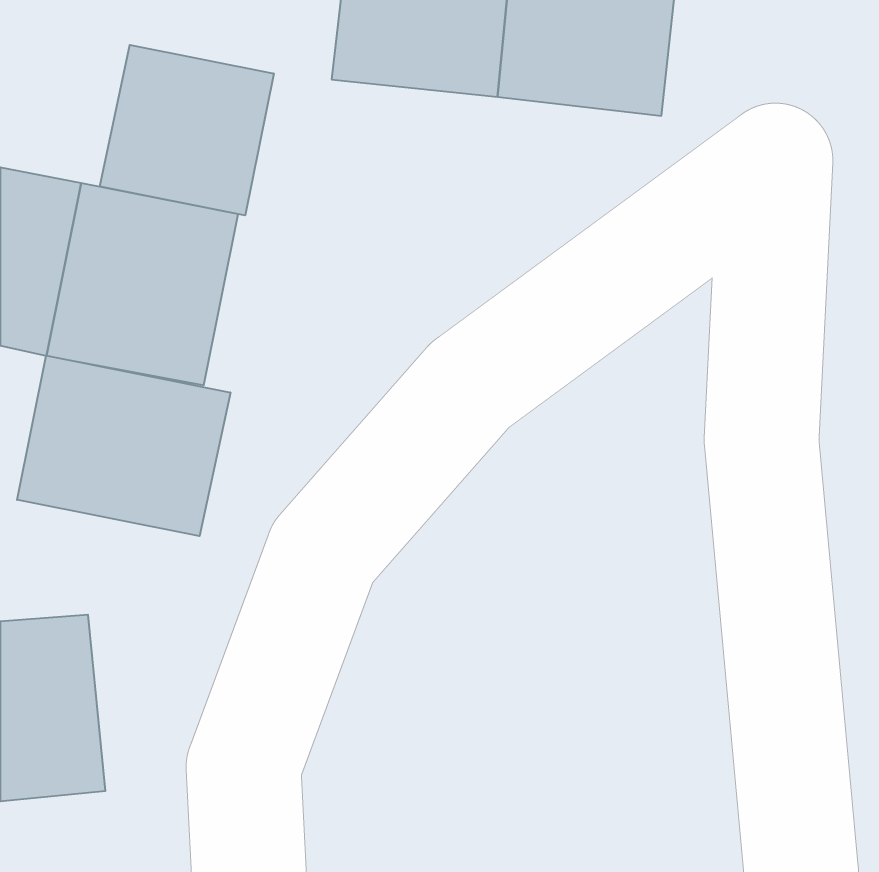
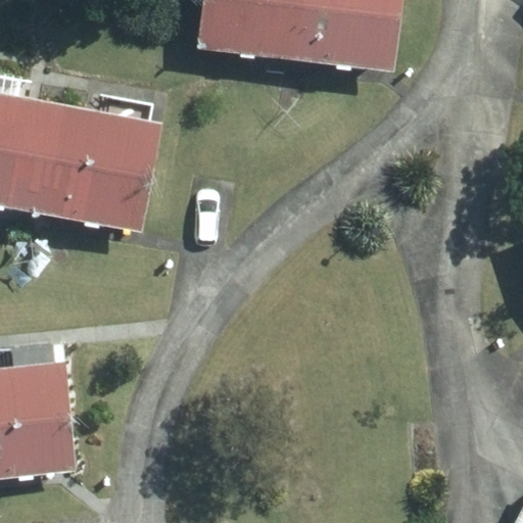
building: [100,45,274,215] -> none
building: [17,356,230,536] -> none

